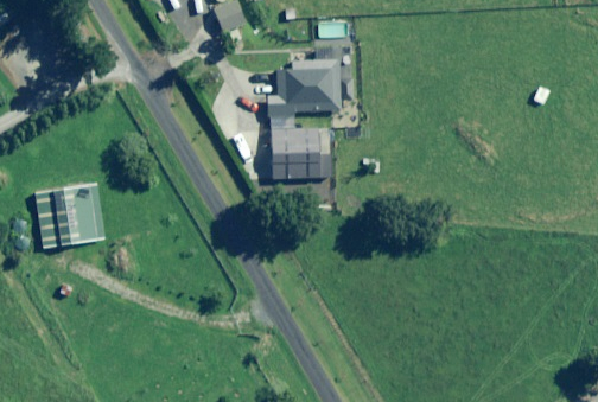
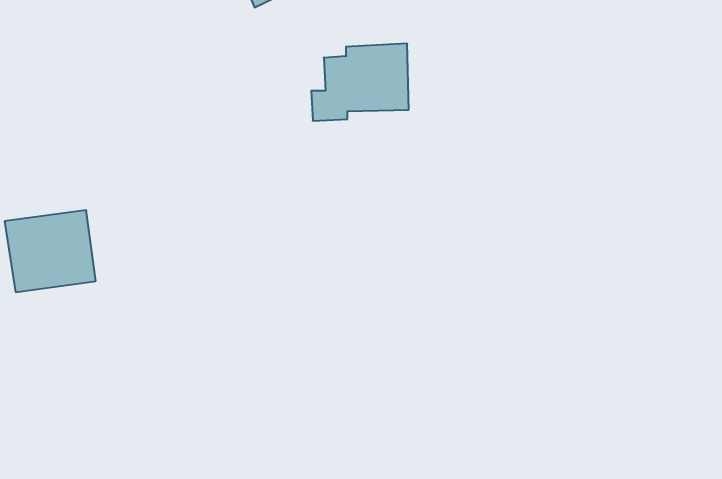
building: [271,128,320,177] -> none

